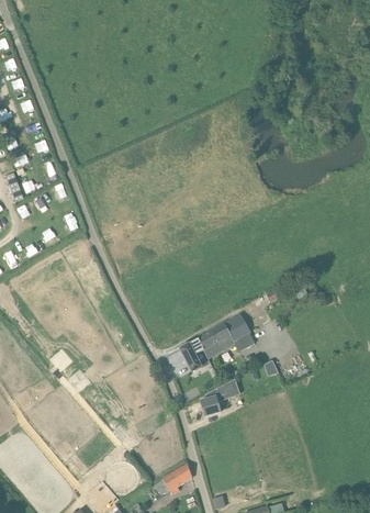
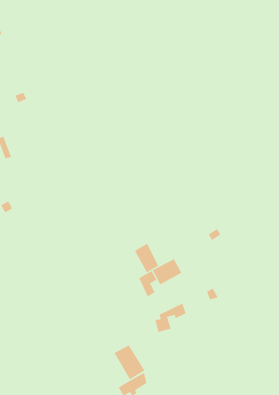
building: [224,313,255,350] -> [134,243,159,273]
building: none -> [114,344,145,380]

